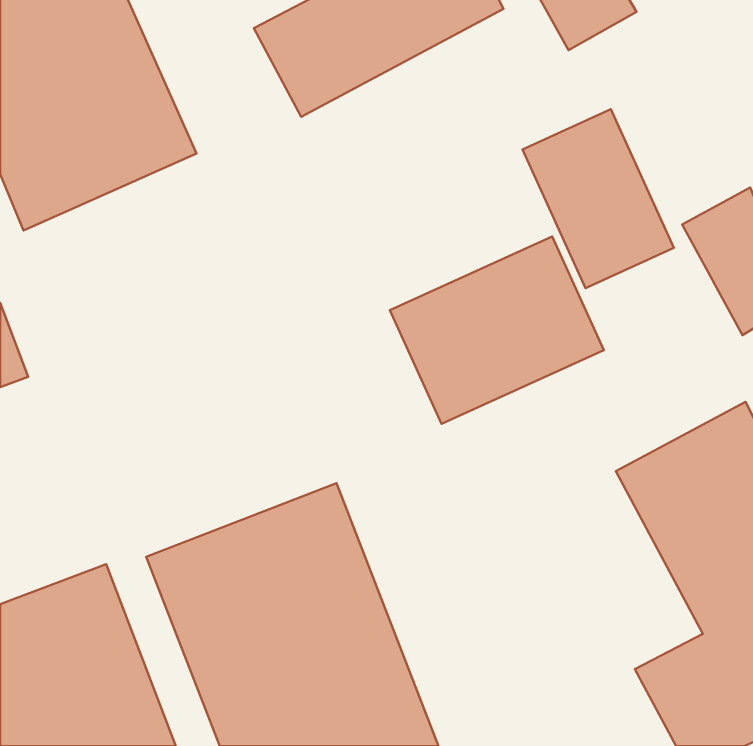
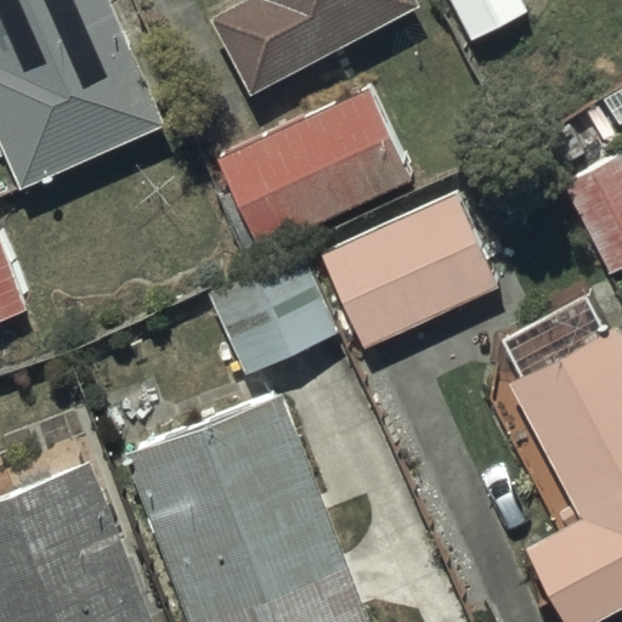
building: [522,109,674,288] -> none
building: none -> [217,91,408,250]
building: none -> [209,250,339,372]

